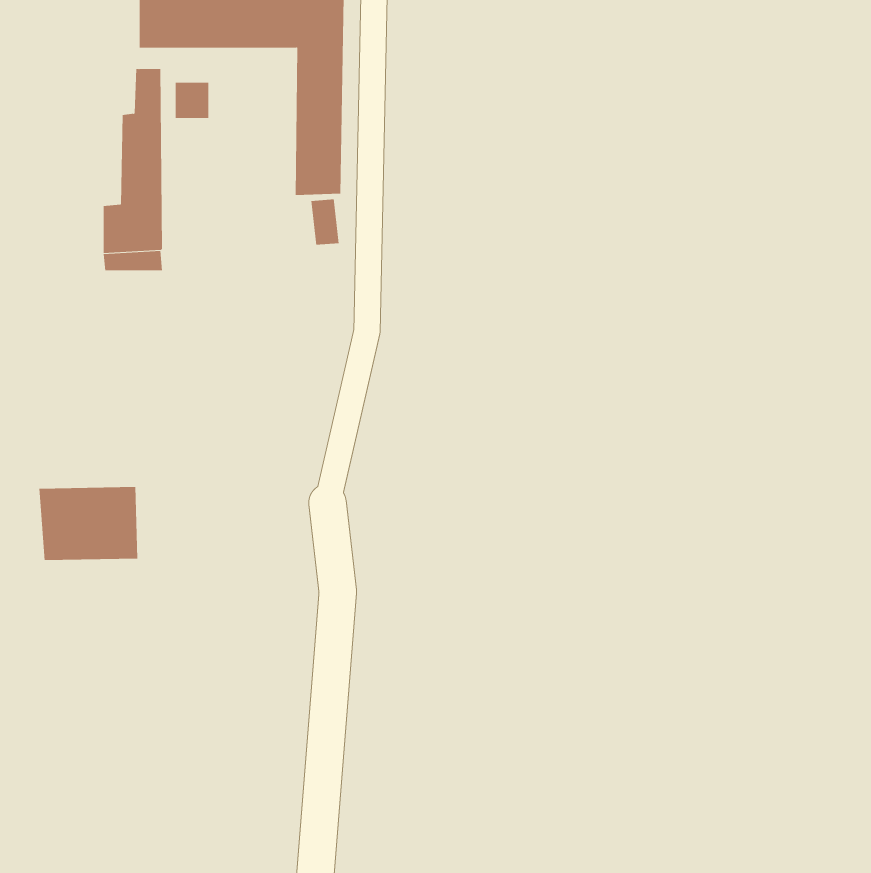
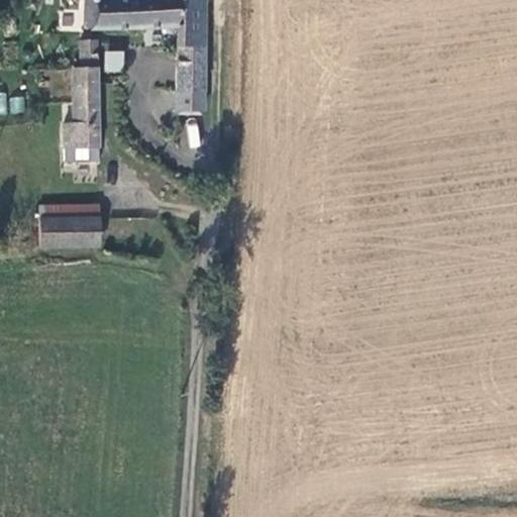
building: [39,487,138,560] -> [40,204,99,247]

